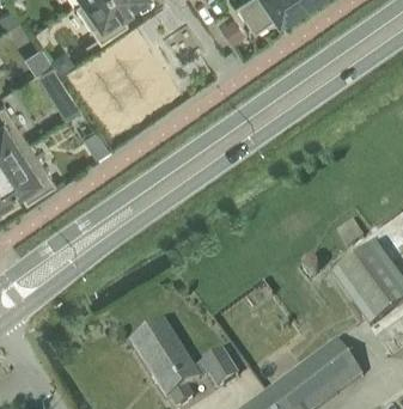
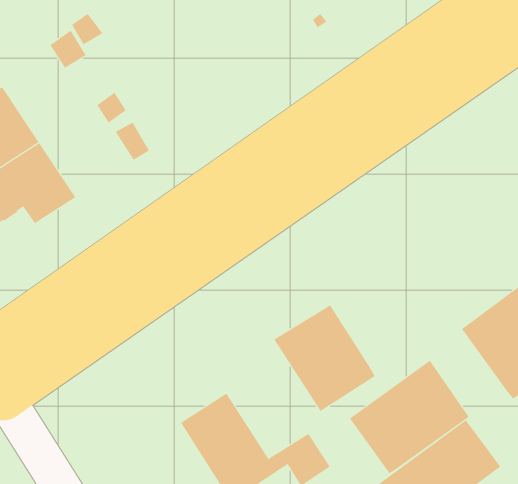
building: none -> [274,304,376,412]
building: none -> [349,360,469,474]

